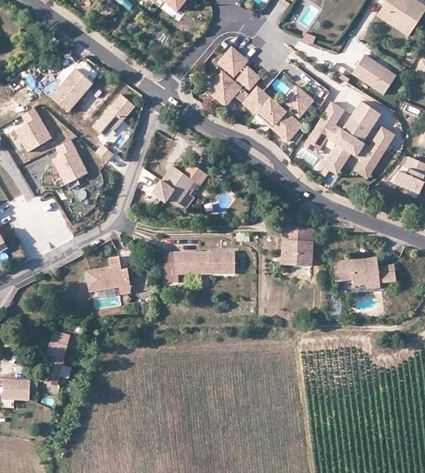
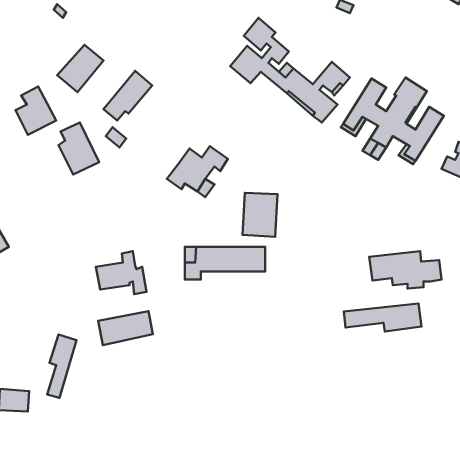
building: [350,52,395,93] -> none
building: [280,226,311,265] -> [243,193,278,237]
building: none -> [344,303,421,331]
building: none -> [98,311,153,345]

